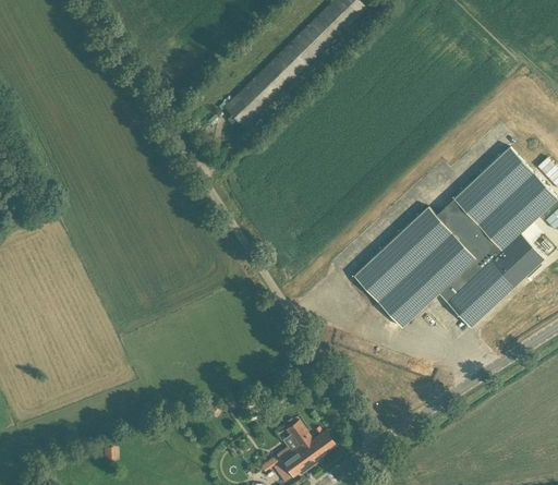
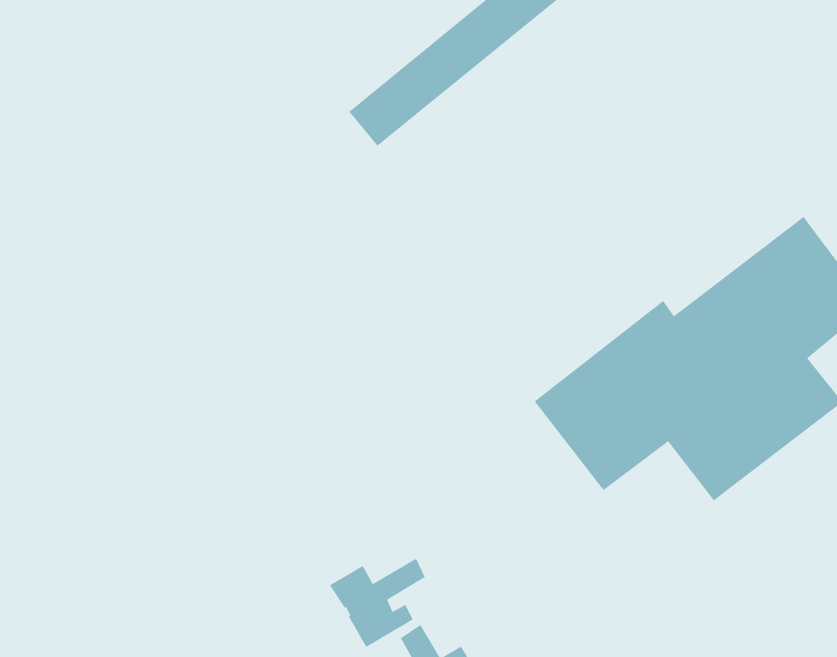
building: none -> [329,558,425,648]

